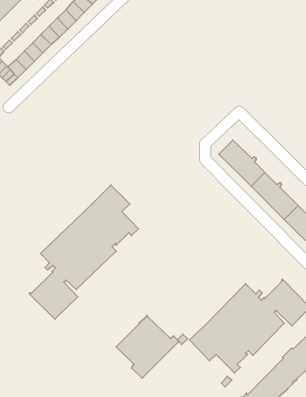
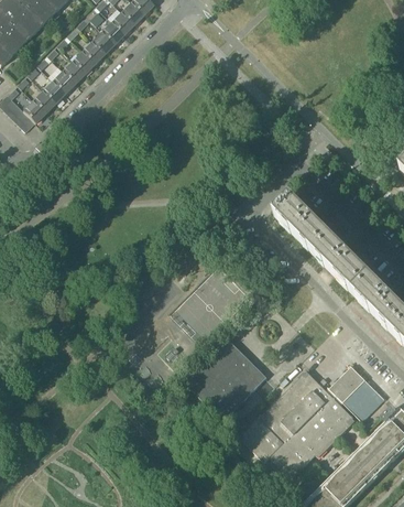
building: [29,185,138,319] -> none
building: [116,316,178,378] -> [194,344,267,419]

